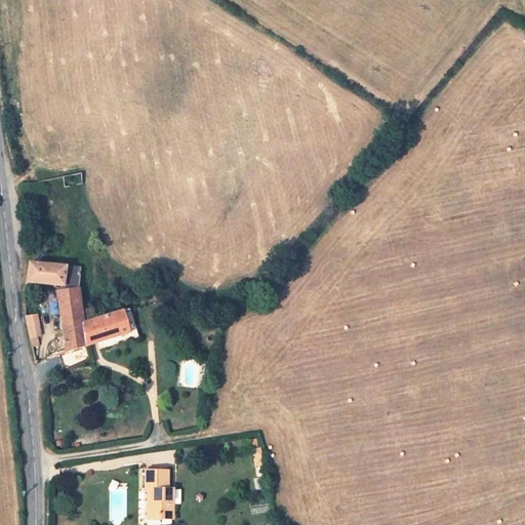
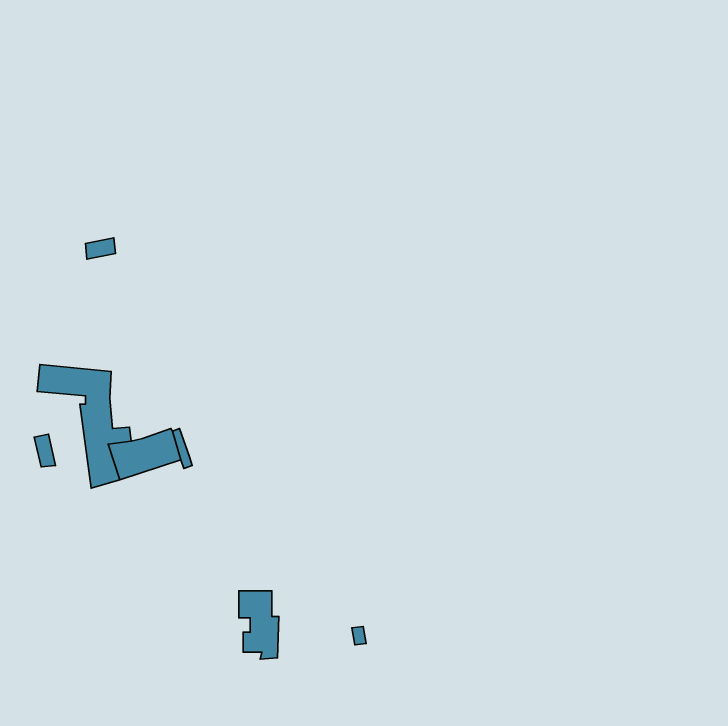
building: [145,470,173,519] -> [239,591,279,659]

